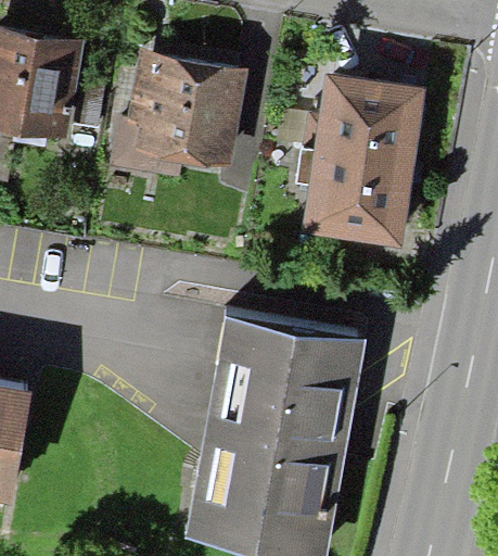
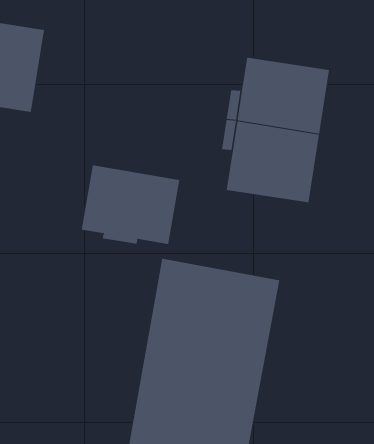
building: [110,52,247,178] -> none
building: none -> [81,165,180,245]

